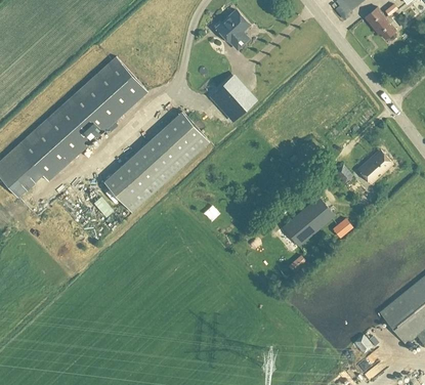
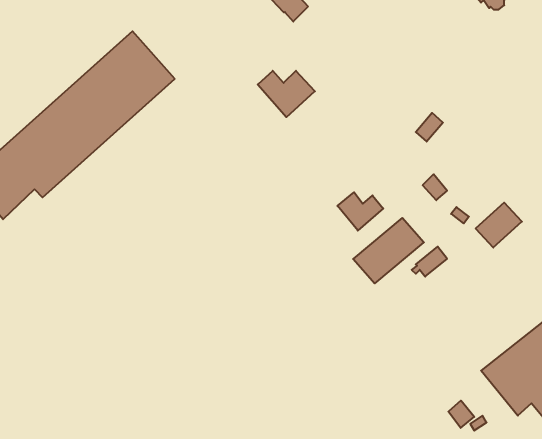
building: [103,111,209,212] -> none
building: [357,149,392,183] -> [476,203,522,248]
building: none -> [337,192,383,231]

